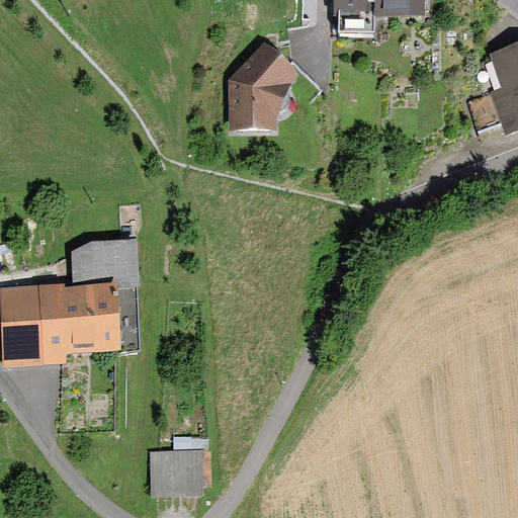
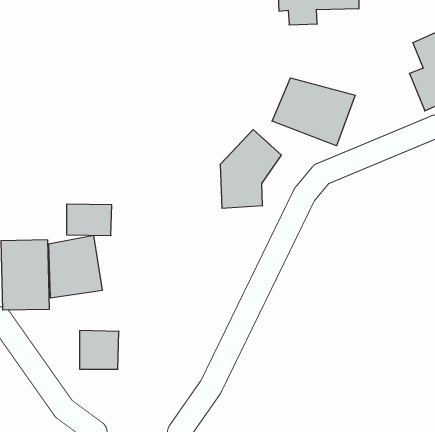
building: [227,40,299,134] -> [220,130,281,208]
building: none -> [272,78,355,146]
building: [155,448,201,494] -> [80,331,119,369]

